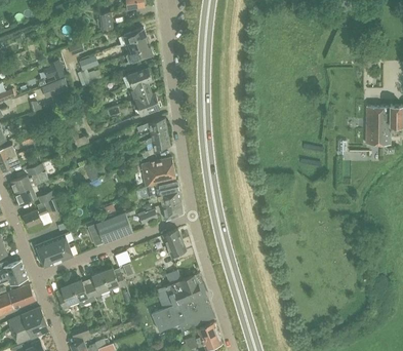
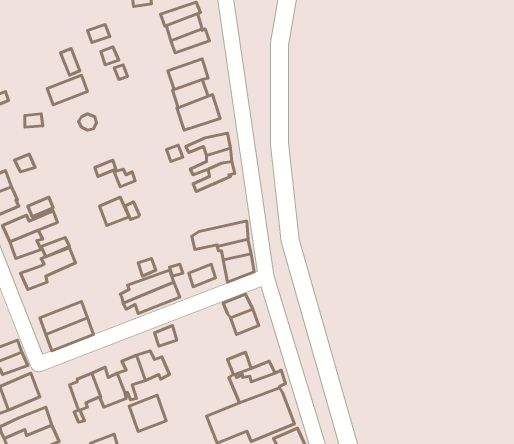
building: [139,157,176,186] -> none
building: none -> [129,395,166,432]

